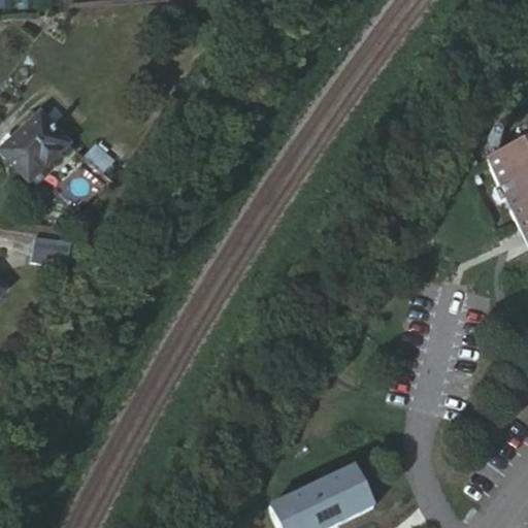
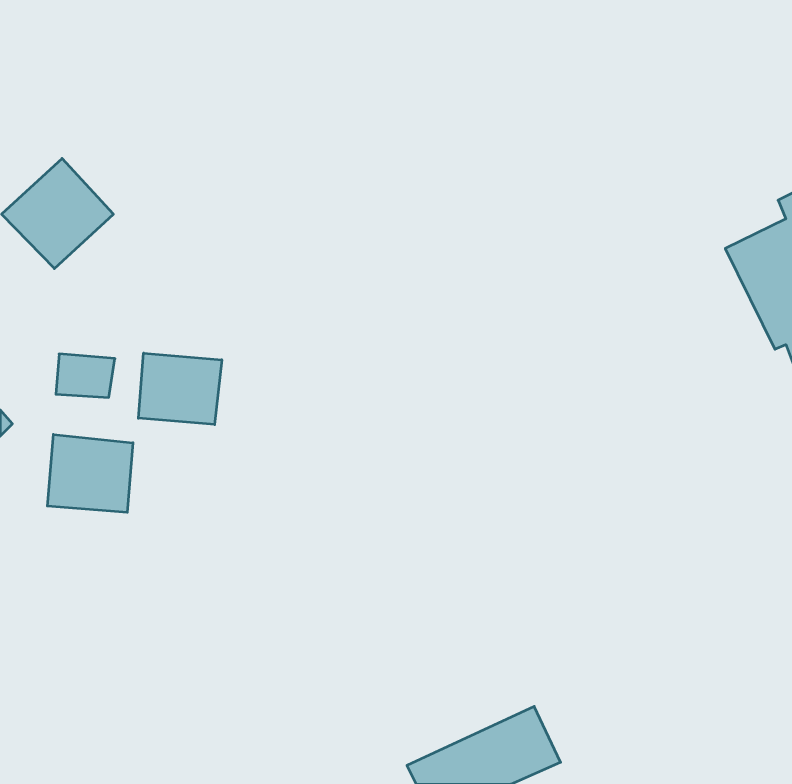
building: none -> [138,353,222,425]
building: none -> [47,434,133,512]

